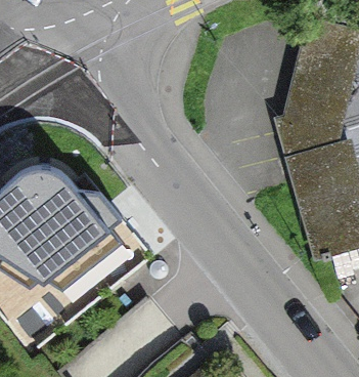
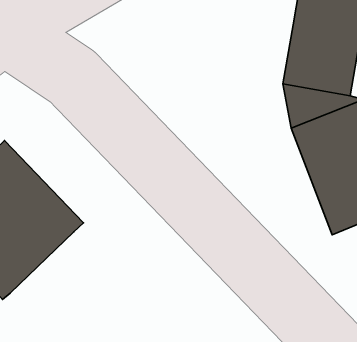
building: [34,235,120,315] -> none

